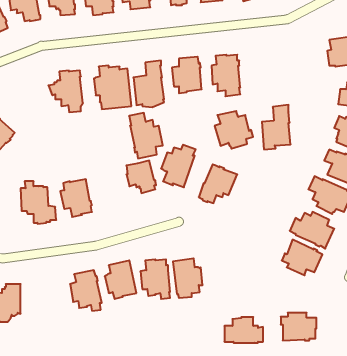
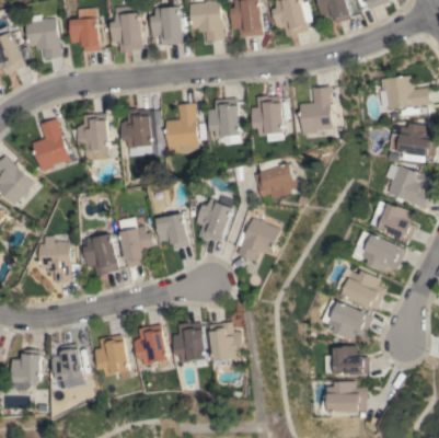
building: none -> [32,119,69,172]
building: [262,105,291,149] -> [299,85,331,135]
building: [129,113,163,158] -> [118,218,155,268]
building: none -> [51,344,82,382]
building: [224,317,263,343] -> [326,346,369,374]

